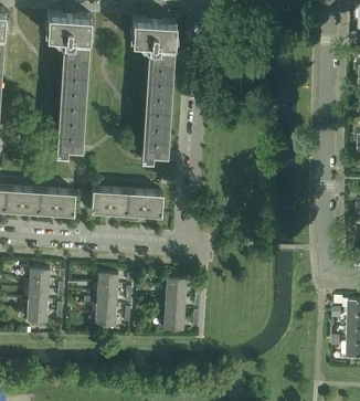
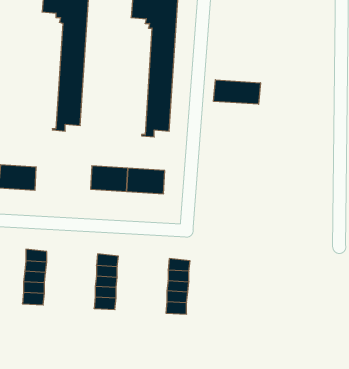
building: none -> [214,80,260,104]
building: [39,190,75,214] -> none

